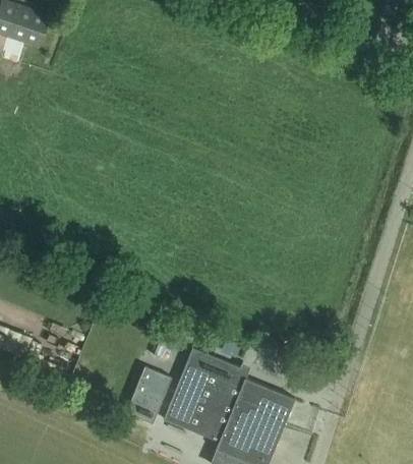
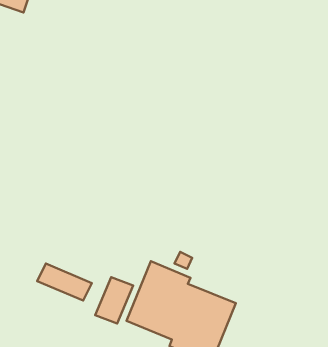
building: none -> [37,264,92,301]

